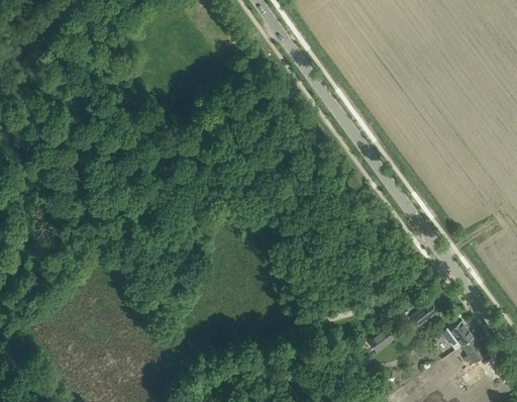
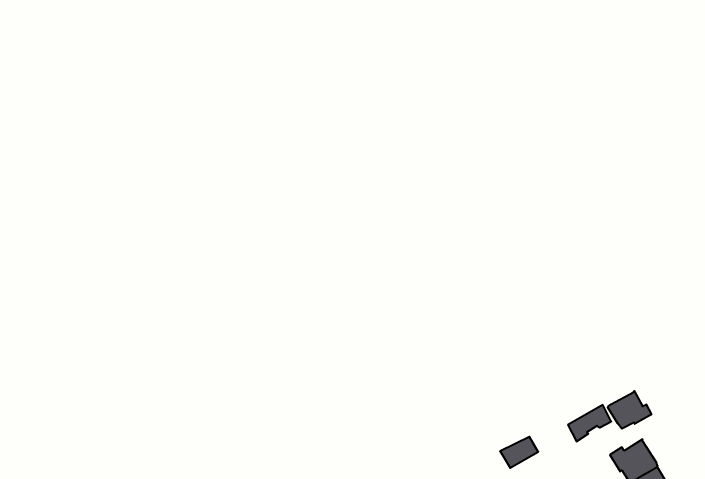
building: none -> [608,391,651,429]

